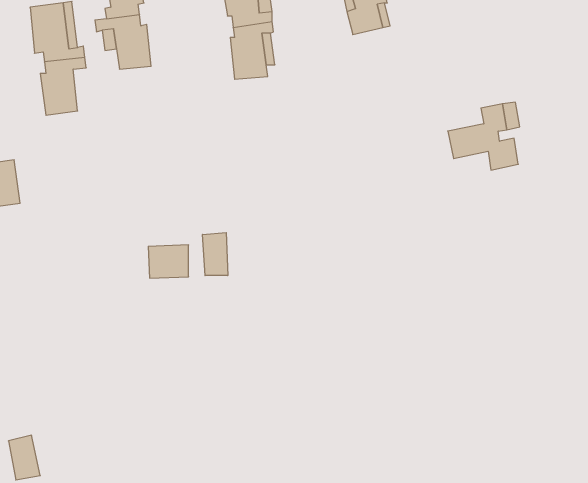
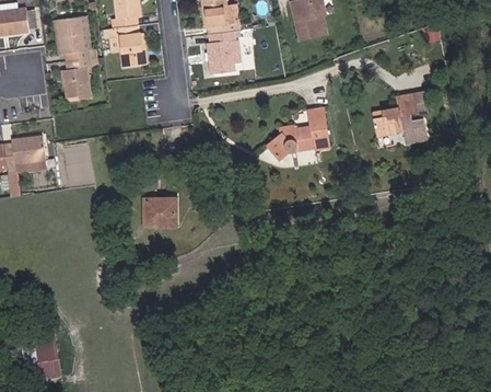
building: none -> [268,106,328,159]
building: [203,233,228,276] -> none

